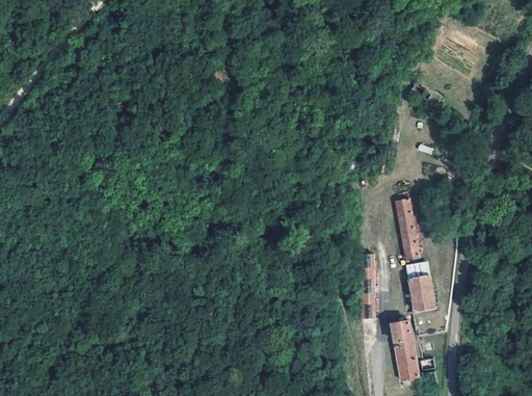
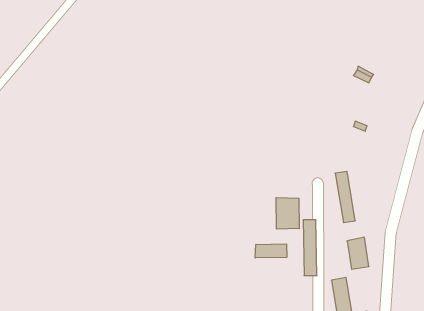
building: none -> [276,198,299,229]
building: none -> [255,244,287,258]

